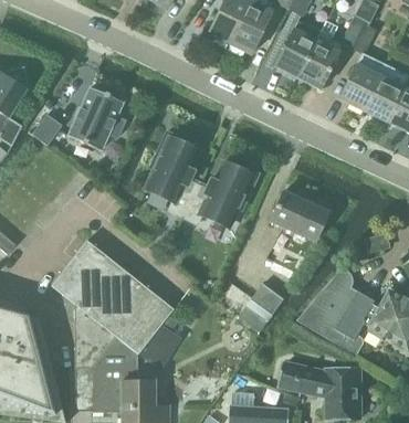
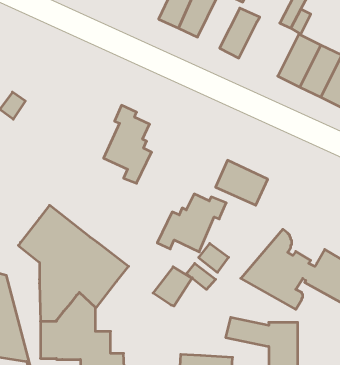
building: [295,20,342,89] -> none
building: [67,88,124,151] -> none
building: [182,162,259,226] -> [157,194,226,252]
building: [138,325,181,368] -> [153,267,192,306]

